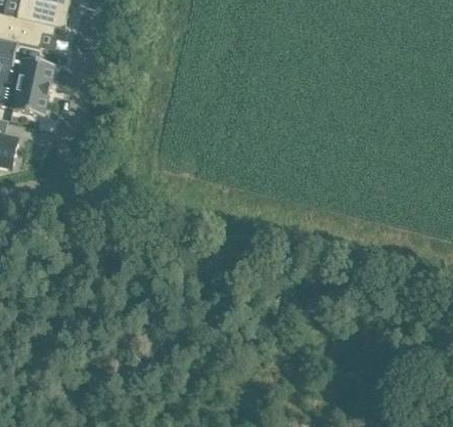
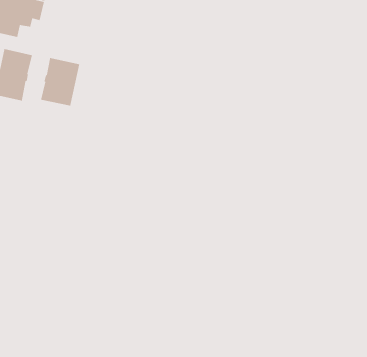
building: none -> [40,57,80,107]

